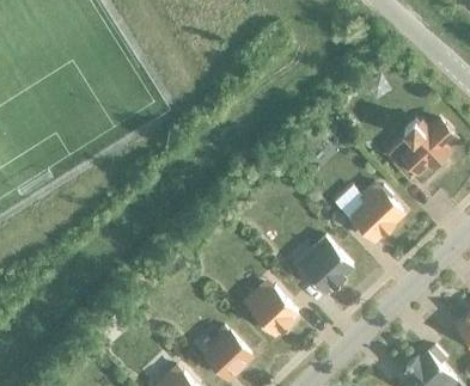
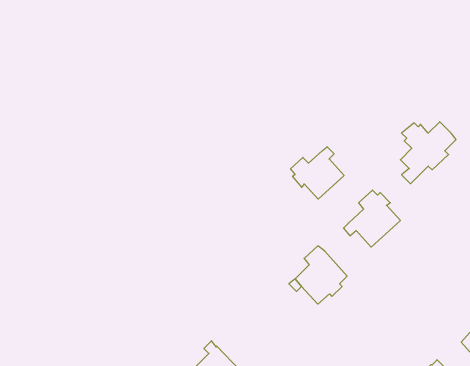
building: none -> [291,147,344,199]
building: [242,287,293,333] -> none

